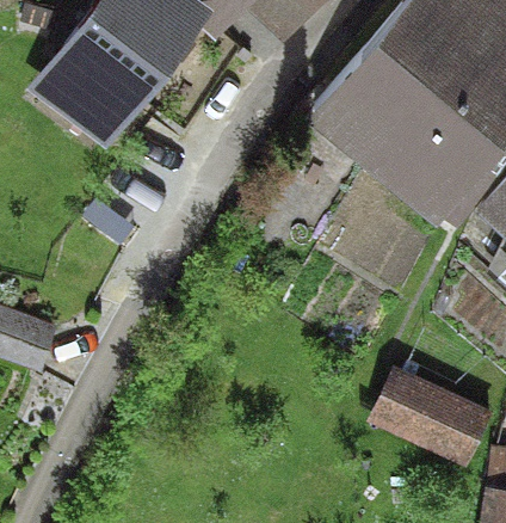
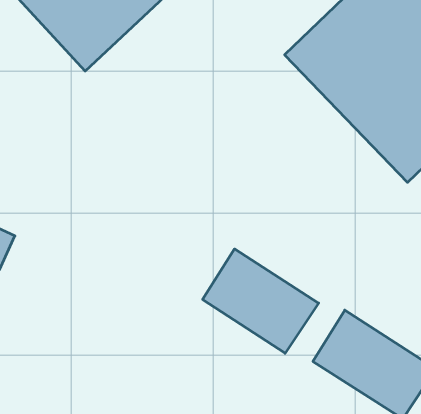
building: none -> [203,249,319,353]

